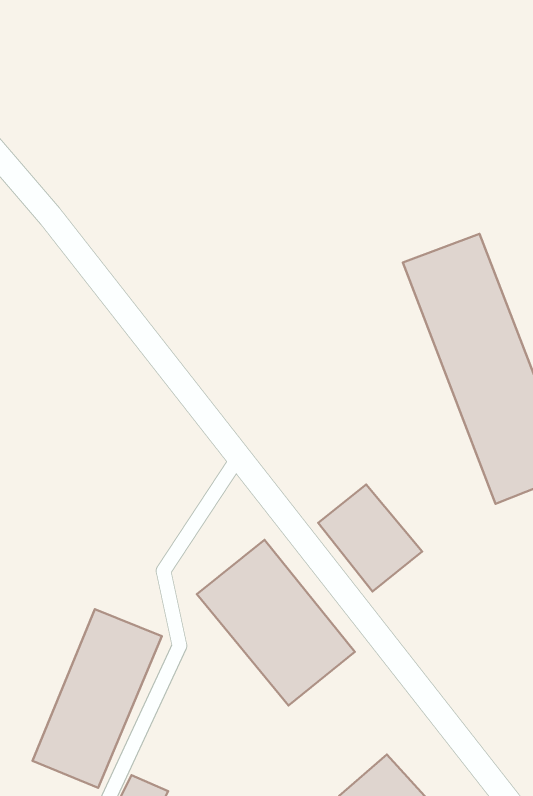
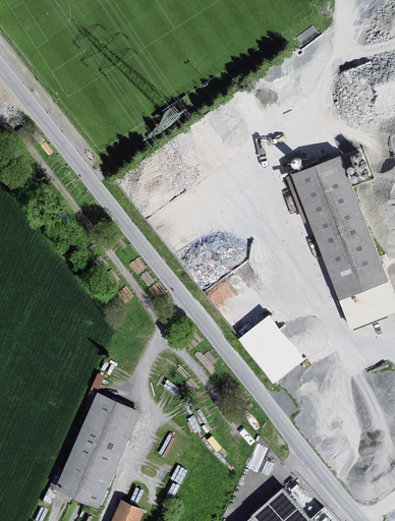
building: [197,540,355,705] -> none

